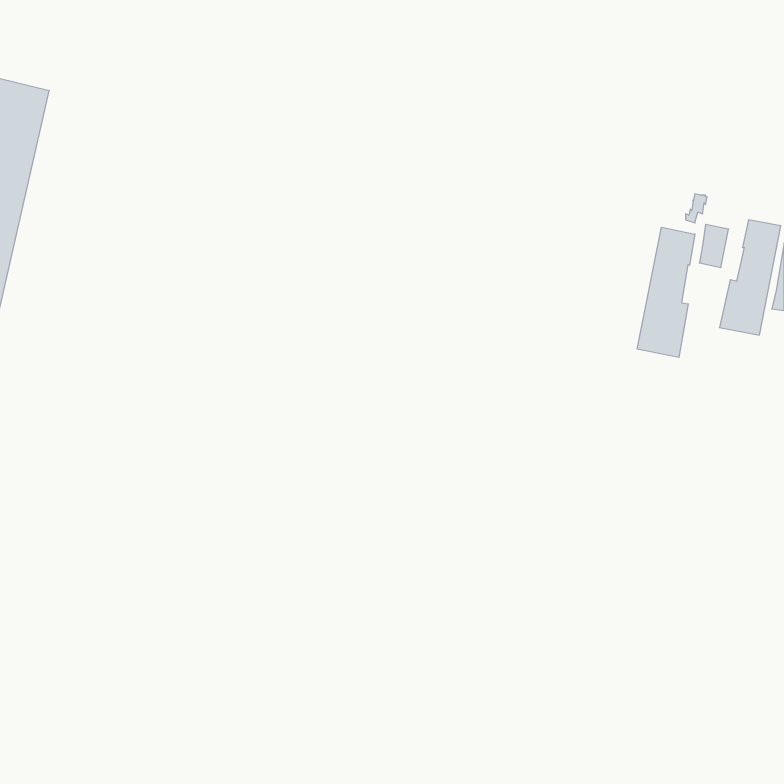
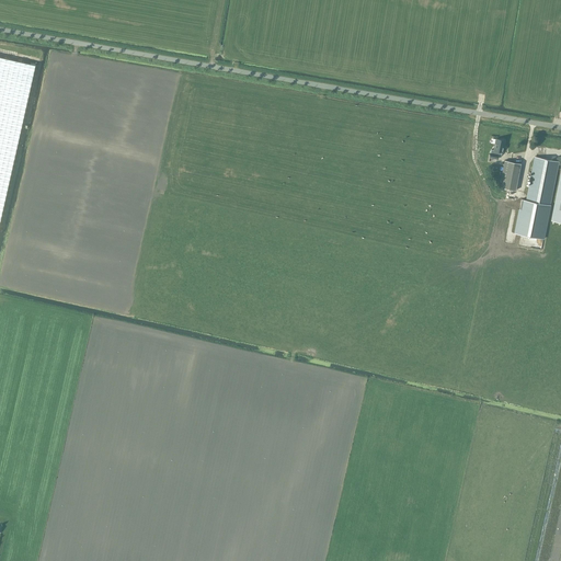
building: [637,227,695,357] -> none

